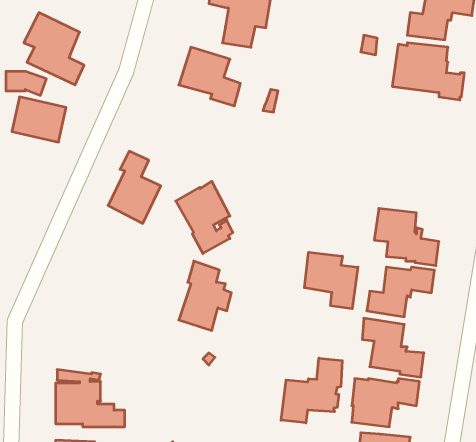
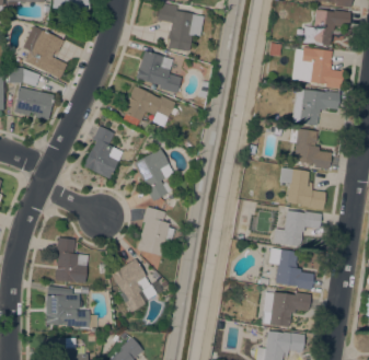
building: none -> [123,86,177,127]
building: none -> [291,89,341,126]
building: none -> [289,128,332,170]
building: [304,252,358,309] -> none
building: none -> [55,237,88,283]
building: none -> [111,259,147,313]
building: [281,358,342,423] -> none

